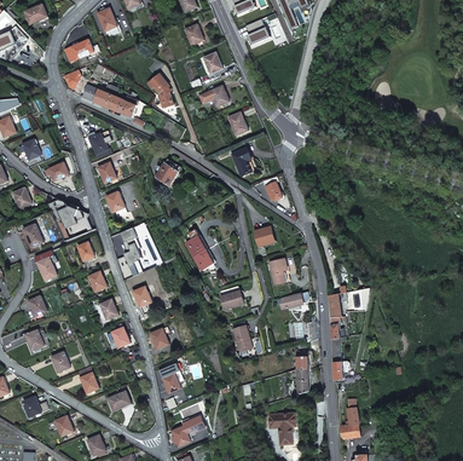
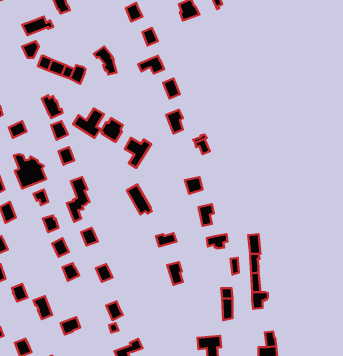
building: none -> [73,109,104,138]
building: none -> [125,138,151,168]

